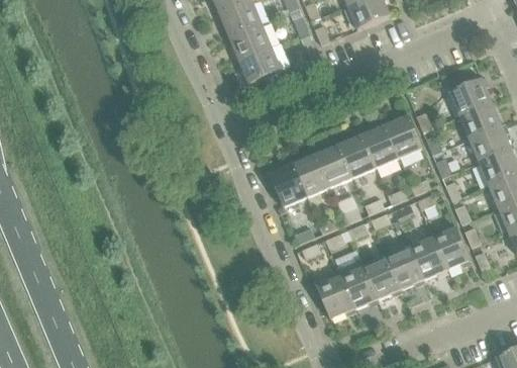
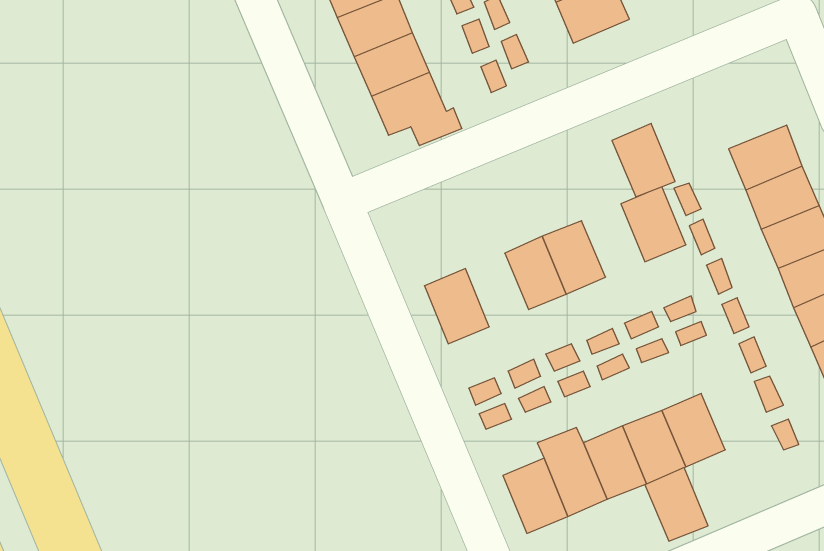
building: [363,124,400,168] -> [612,123,675,197]
building: [294,154,331,197] -> none
building: [433,226,471,270] -> [645,468,708,541]

